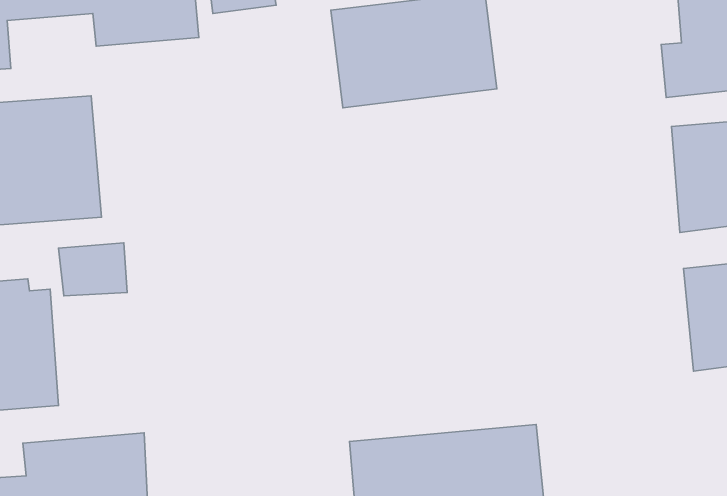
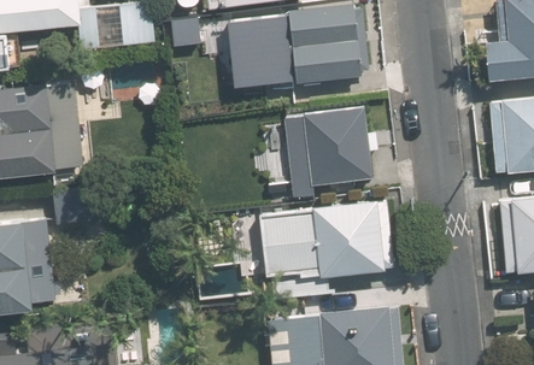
building: none -> [282,111,369,201]
building: none -> [254,204,392,304]

